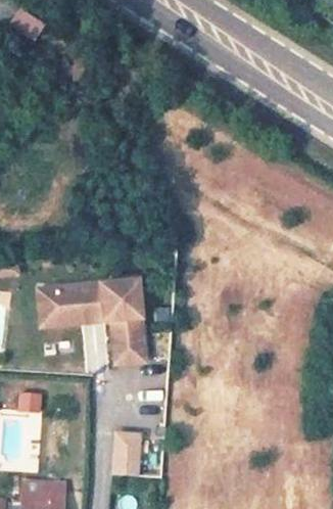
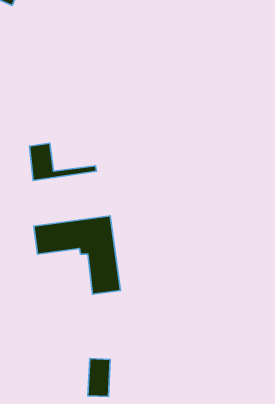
building: [33,286,106,327] -> [29,143,97,181]

